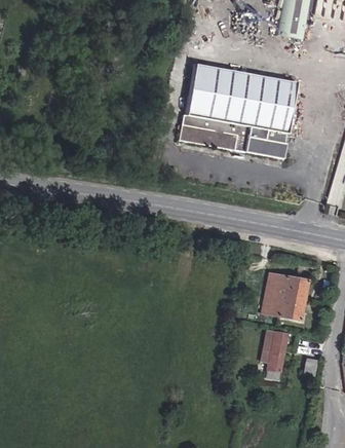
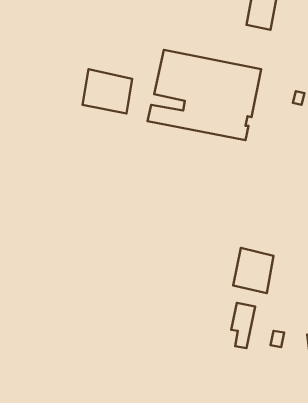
building: none -> [82,69,132,114]

